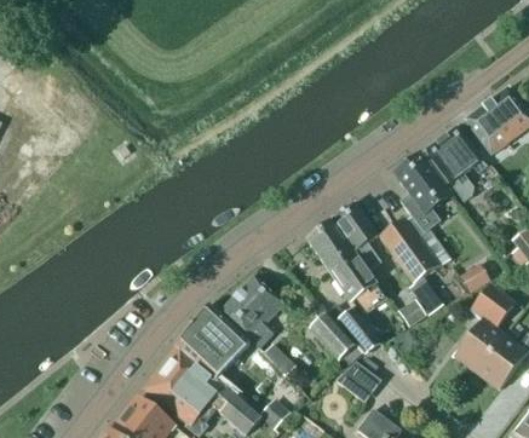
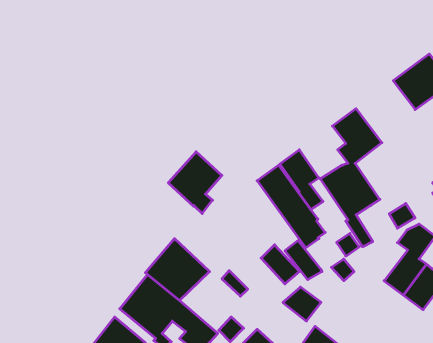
building: [425,127,487,196] -> none
building: [222,275,284,347] -> [168,152,222,214]

